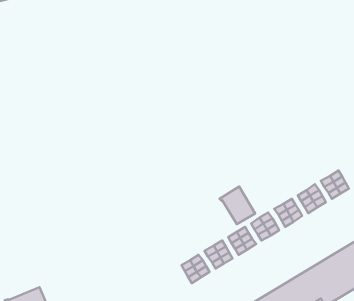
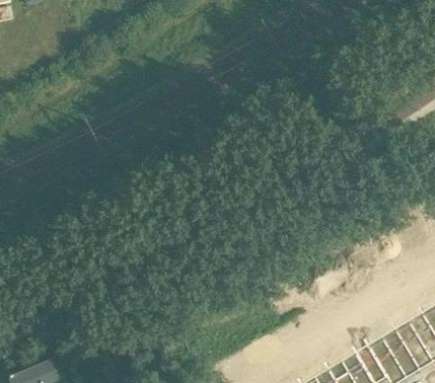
building: [219,186,255,224] -> none

